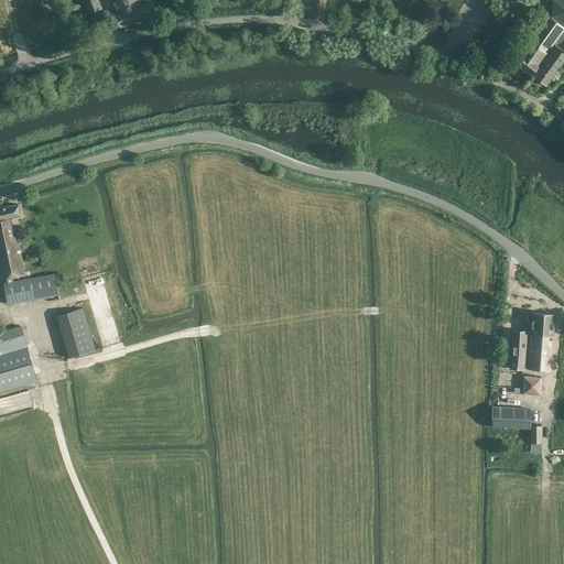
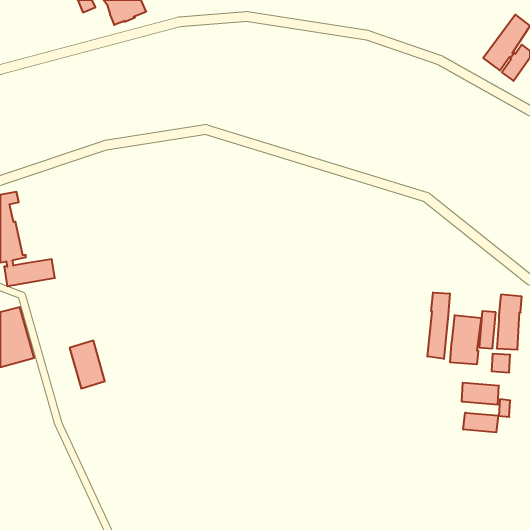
building: [57,307,95,358] -> [70,341,105,388]
building: none -> [427,292,450,359]
building: none -> [450,315,481,364]
building: none -> [463,413,498,432]

